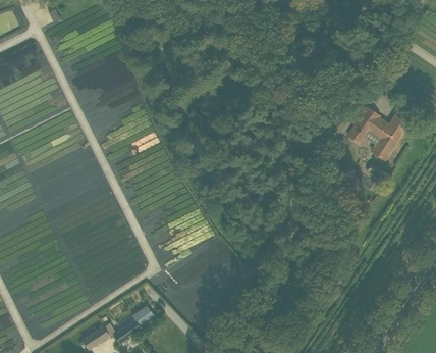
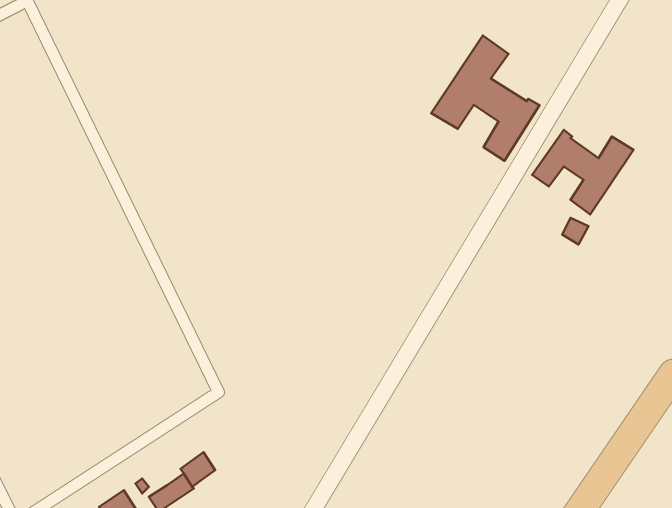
building: none -> [431,35,540,161]

